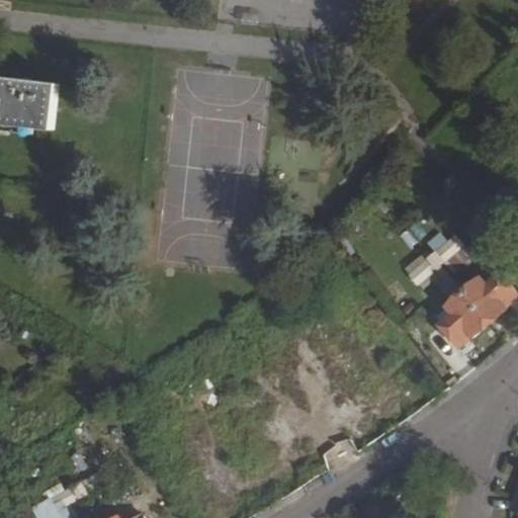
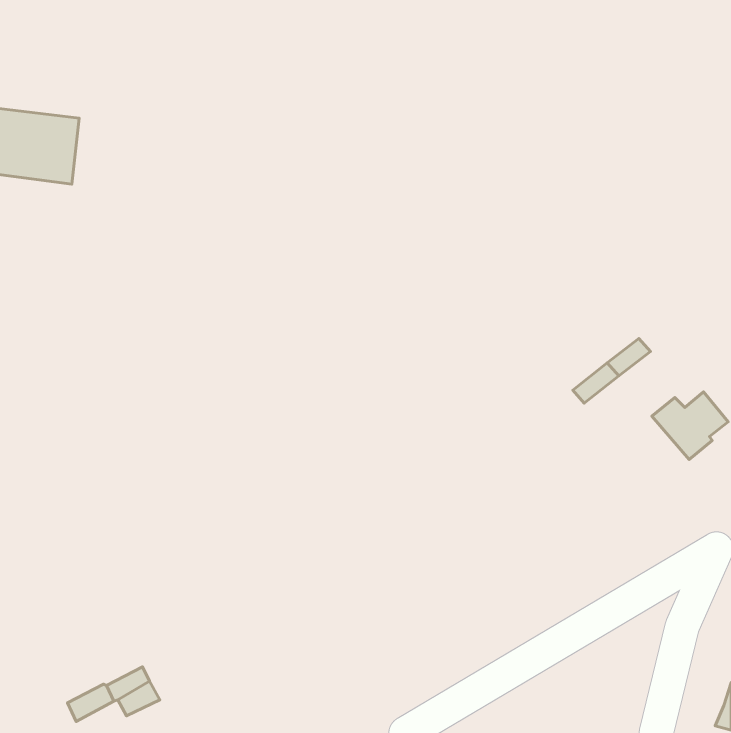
building: [435,292,485,345] -> none

